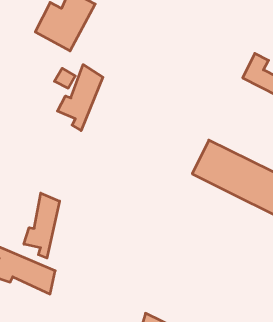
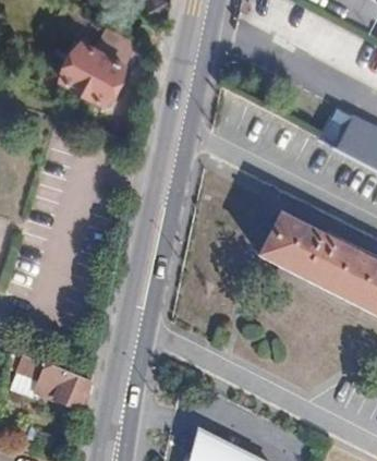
building: [57,65,103,131] -> none
building: [24,193,60,258] -> none

